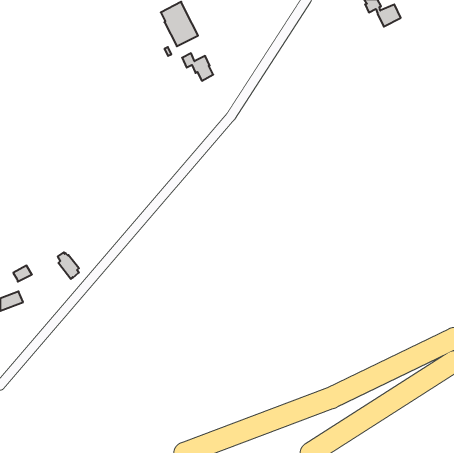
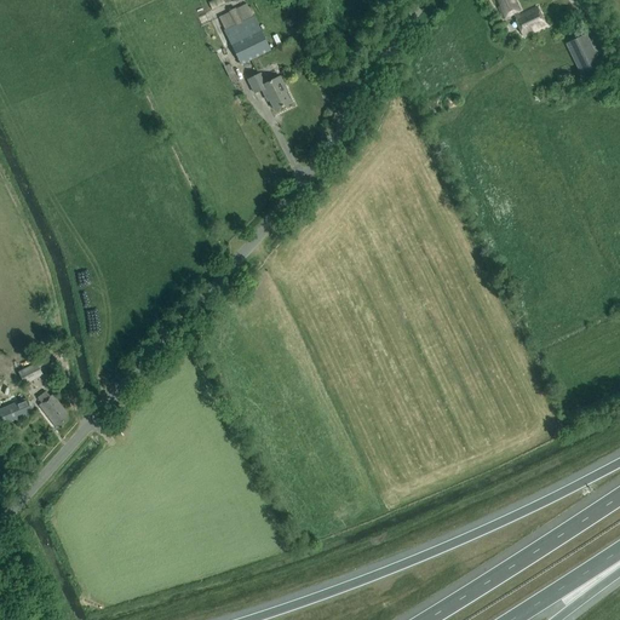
building: none -> [566,33,601,74]
building: [58,252,79,279] -> [38,390,67,426]

